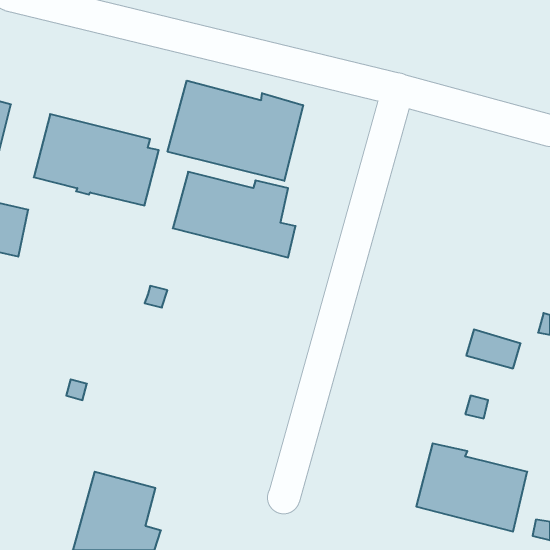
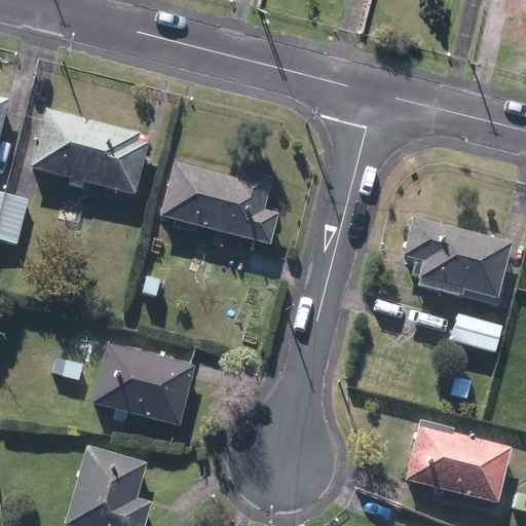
building: [168,81,303,181] -> none
building: none -> [391,218,499,298]
building: none -> [95,343,195,423]

